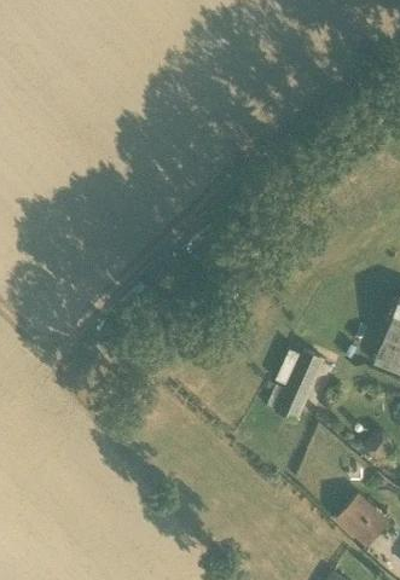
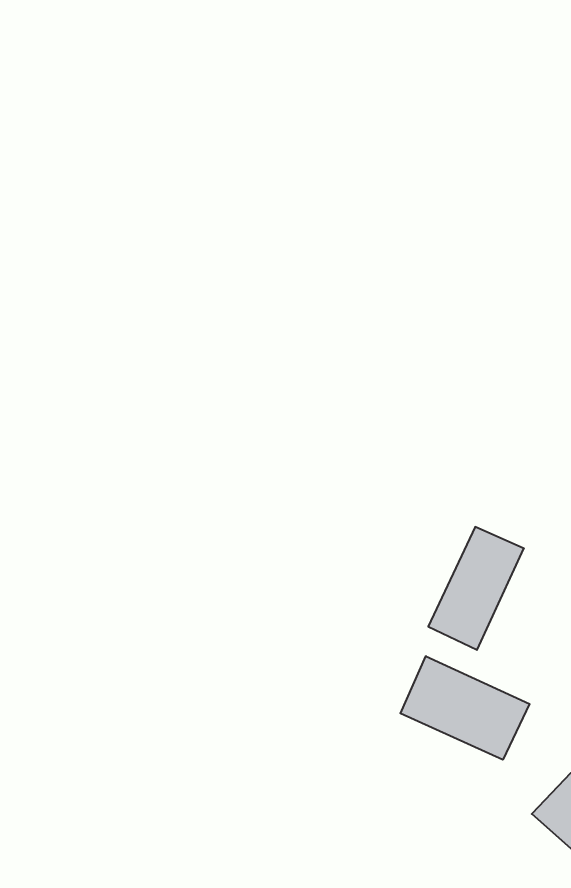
building: none -> [400,656,530,760]

